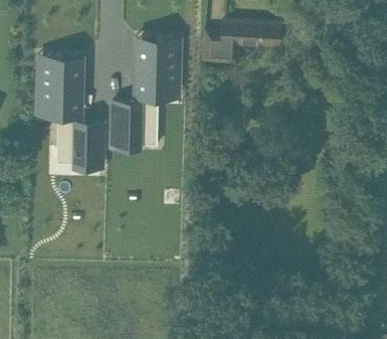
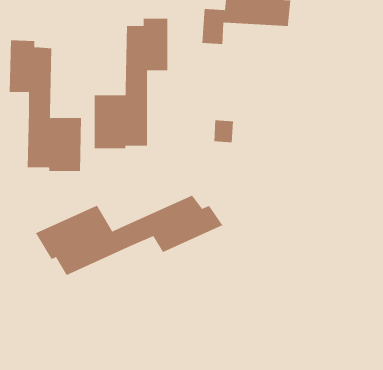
building: none -> [35,195,223,276]

